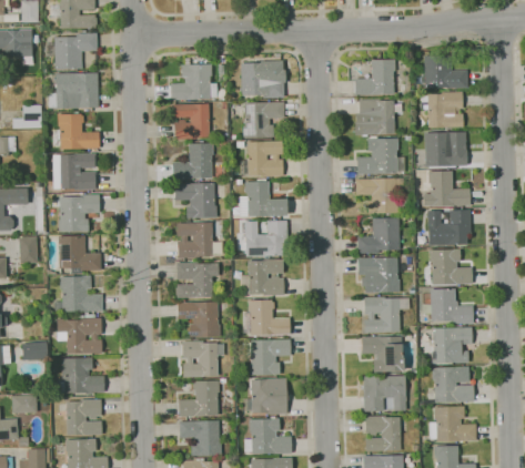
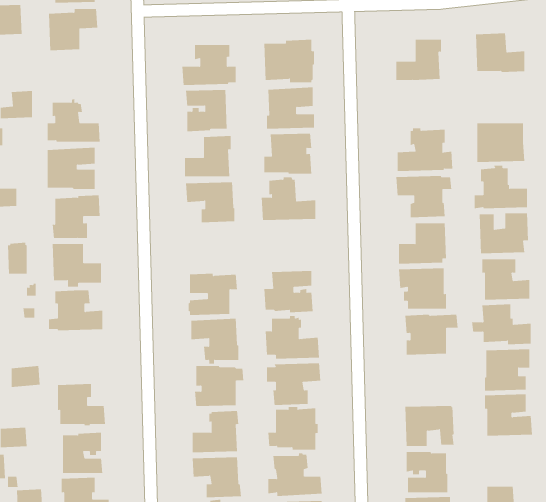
building: [49,72,99,109] -> none
building: [420,90,463,128] -> none
building: [354,99,394,135] -> none
building: [244,221,289,257] -> none
building: [176,222,212,258] -> none
building: [57,318,101,354] -> none
building: [361,336,403,374] -> none
building: [430,406,476,441] -> none

